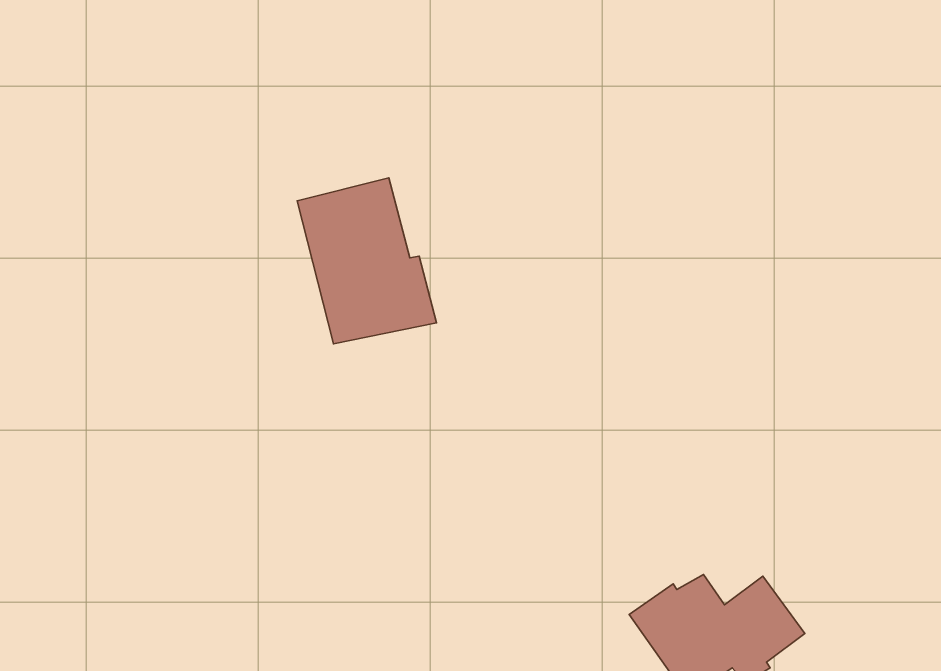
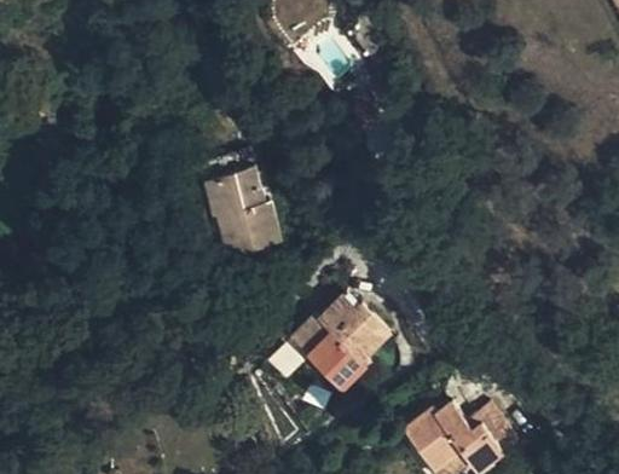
building: none -> [293,295,392,389]

